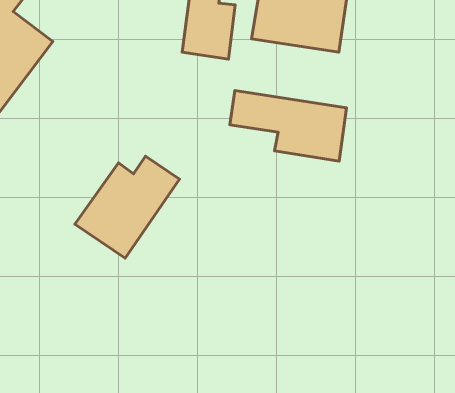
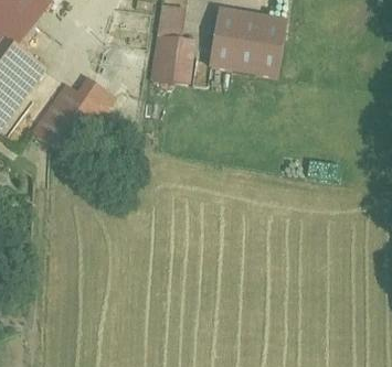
building: [230,90,347,161] -> none
building: [75,156,180,258] -> [31,75,116,158]

